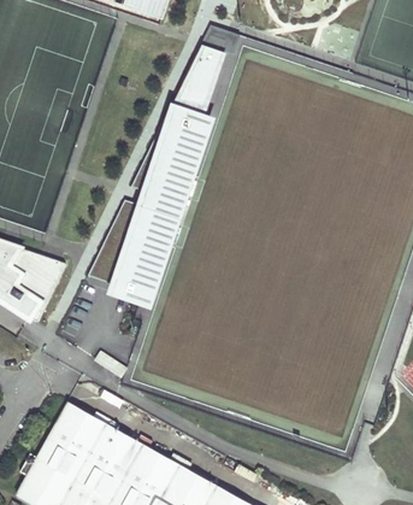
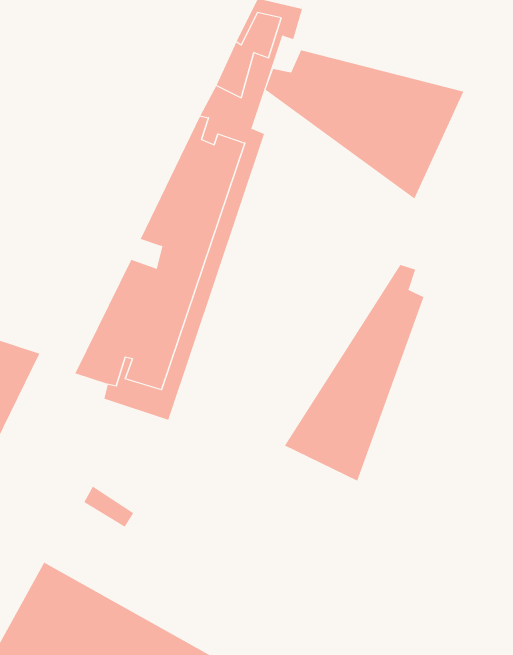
building: none -> [265,50,464,200]
building: none -> [284,264,424,481]

